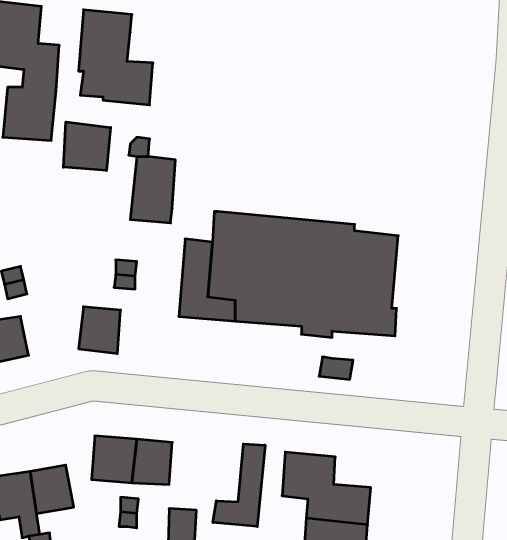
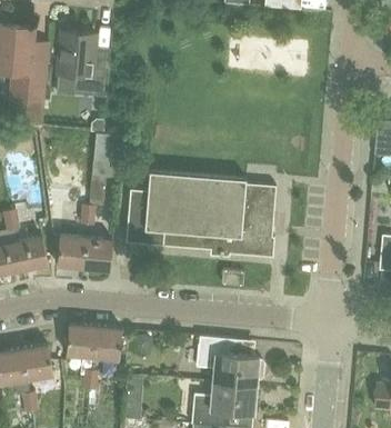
building: [63,122,111,171] -> none
building: none -> [17,237,49,269]
building: none -> [83,238,112,270]
building: [213,444,265,527] -> none

